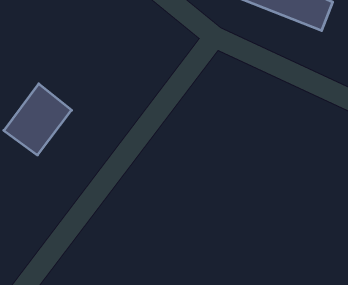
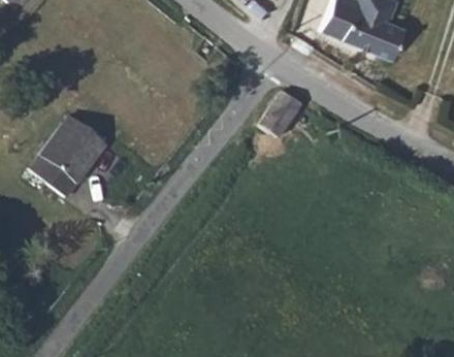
building: none -> [256,90,300,136]

